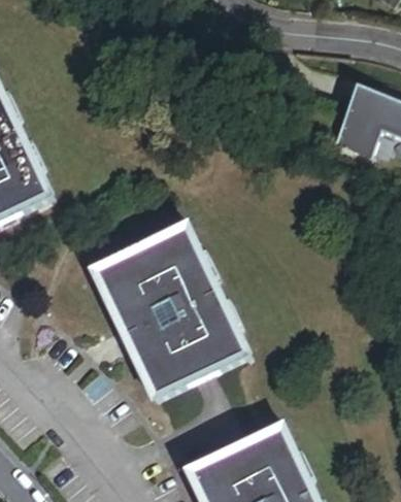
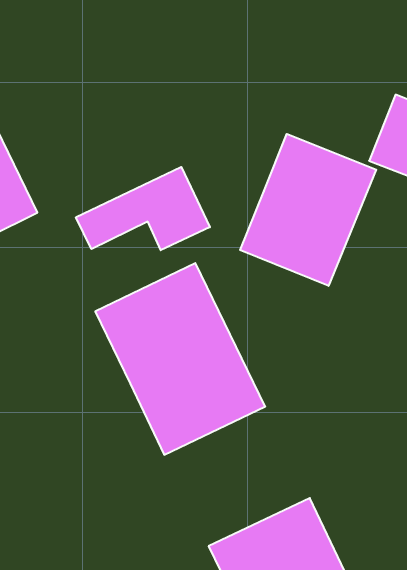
building: none -> [240,134,376,286]
building: none -> [76,167,210,250]

